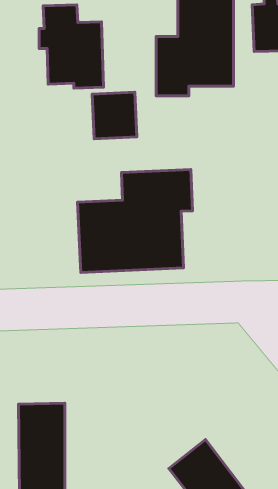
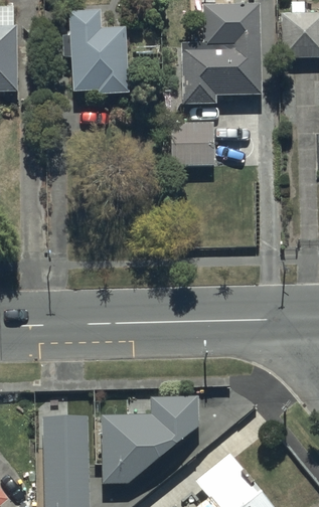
building: [92,92,137,139] -> [170,120,215,167]
building: [78,169,193,272] -> none
building: none -> [101,397,198,487]

